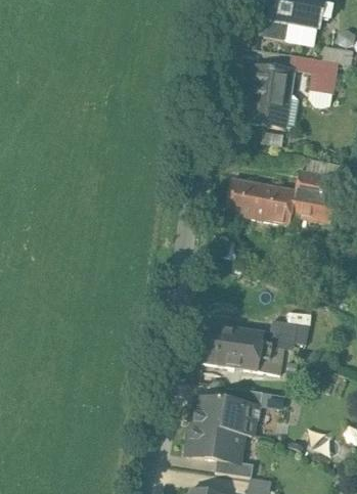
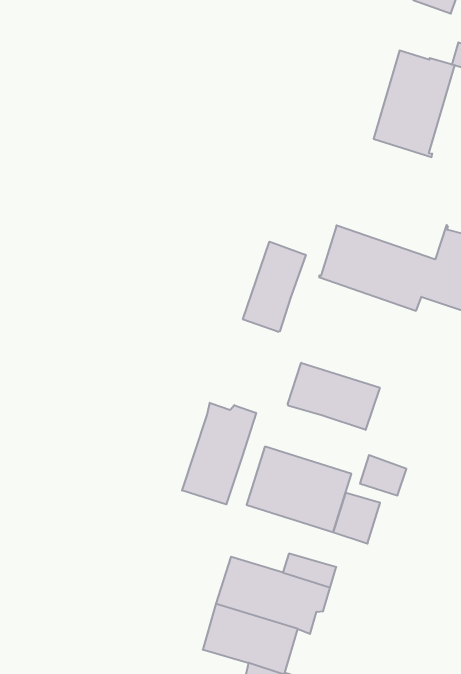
building: none -> [243,242,306,332]
building: none -> [288,363,380,430]
building: none -> [182,403,256,504]

